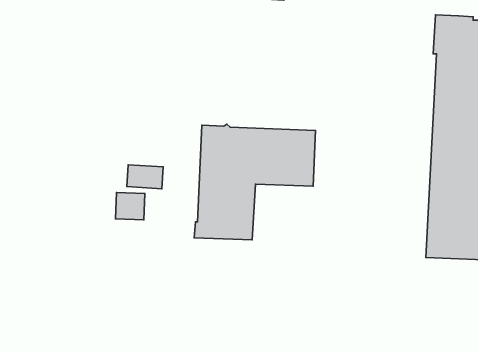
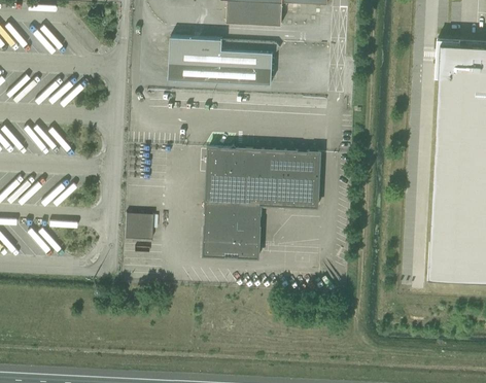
building: none -> [169,37,281,84]
building: [127,165,163,189] -> none

